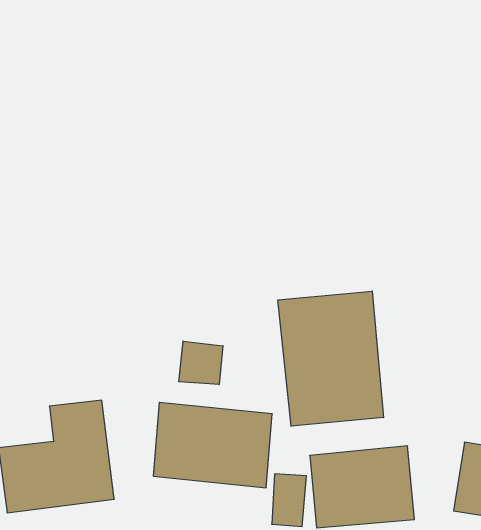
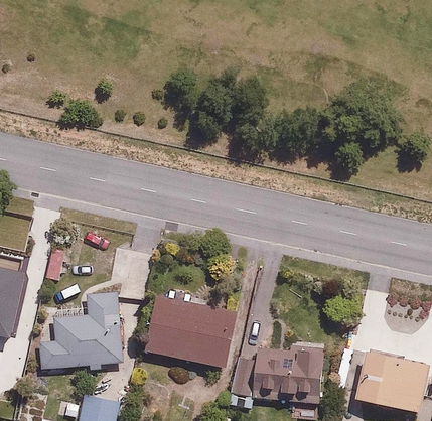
building: [278,291,383,426] -> none
building: [179,341,223,385] -> none

